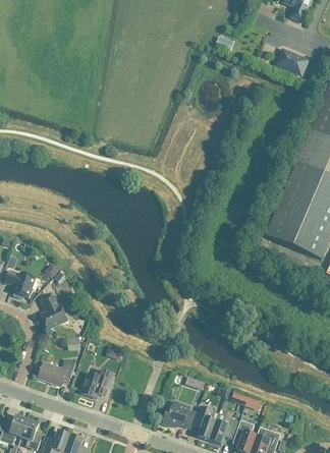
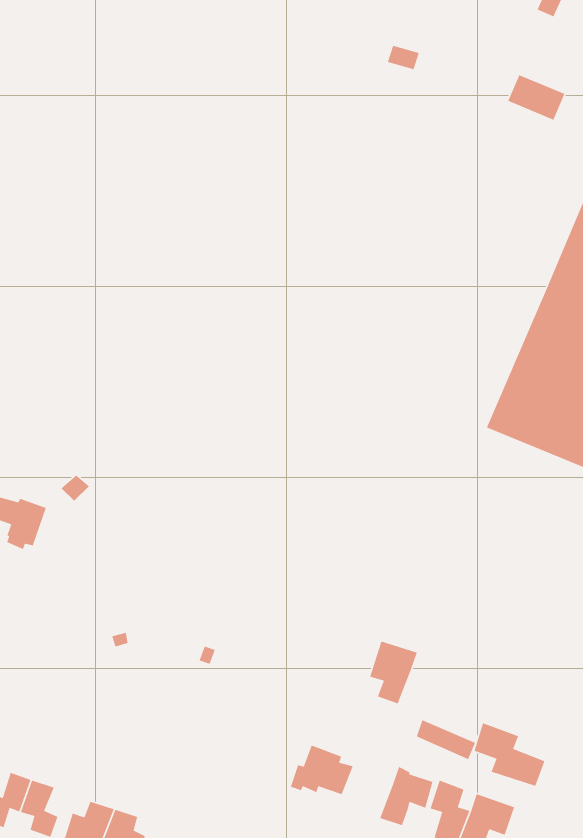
building: [40,294,67,330] -> none
building: [38,358,75,386] -> none
building: [80,370,112,398] -> none
building: none -> [474,722,545,787]
building: [194,406,219,440] -> [369,640,418,705]

